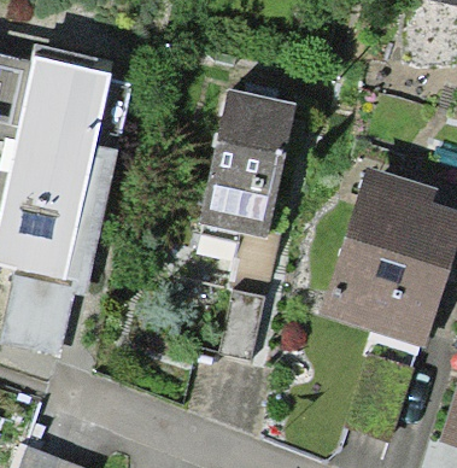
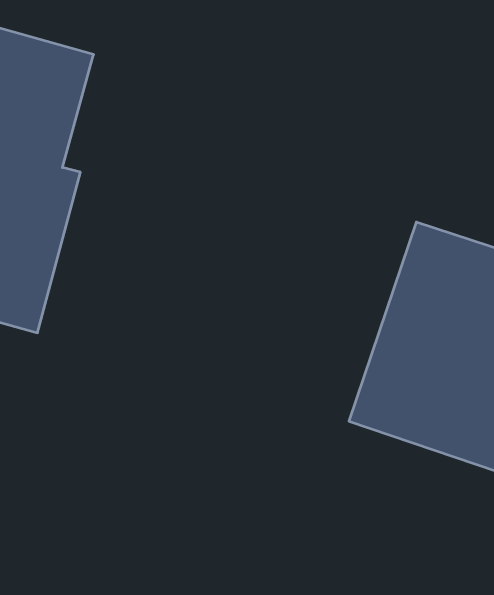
building: [195,92,297,238] -> none

